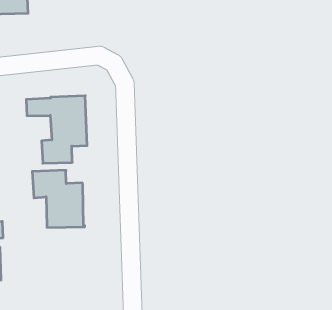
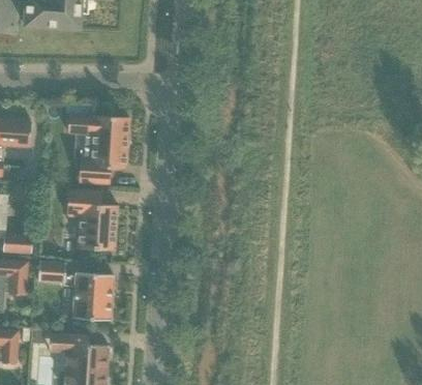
building: none -> [37,263,113,321]

